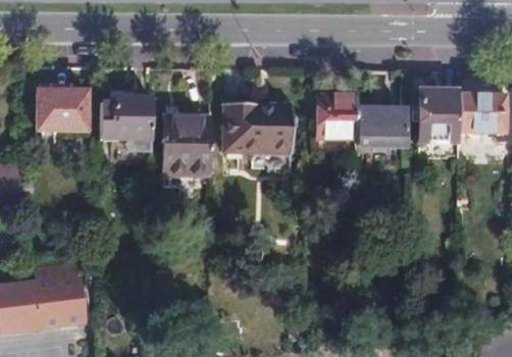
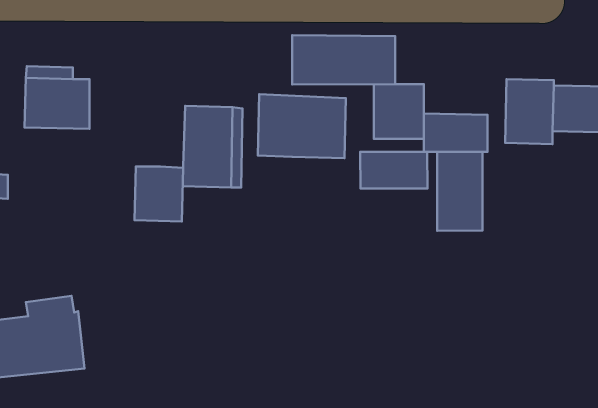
building: none -> [292,35,395,84]
building: [113,96,152,140] -> [135,167,183,221]
building: none -> [360,152,428,188]
building: none -> [437,152,483,231]

